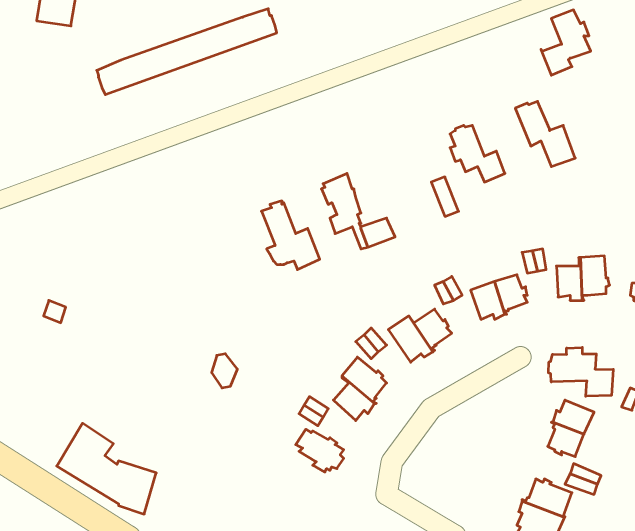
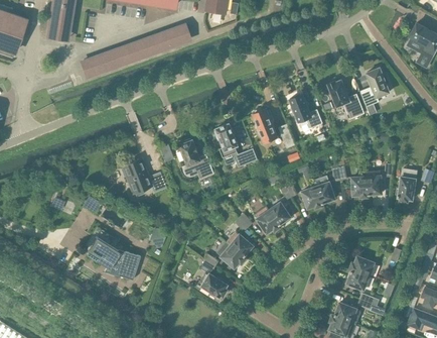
building: [541,10,591,75] -> [360,68,390,106]
building: none -> [254,108,278,142]
building: none -> [121,157,165,196]
building: [548,347,613,396] -> none
building: [57,423,156,514] -> [82,226,140,279]

